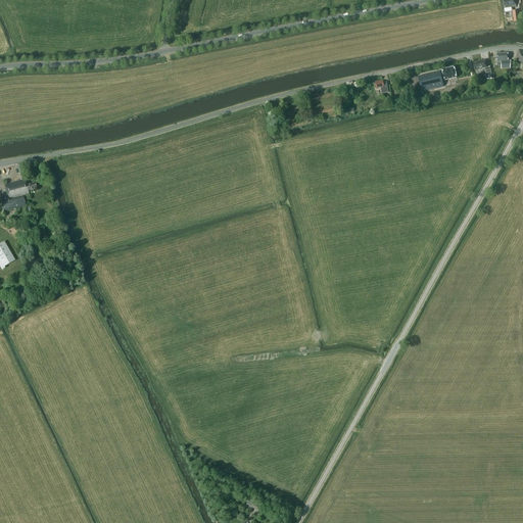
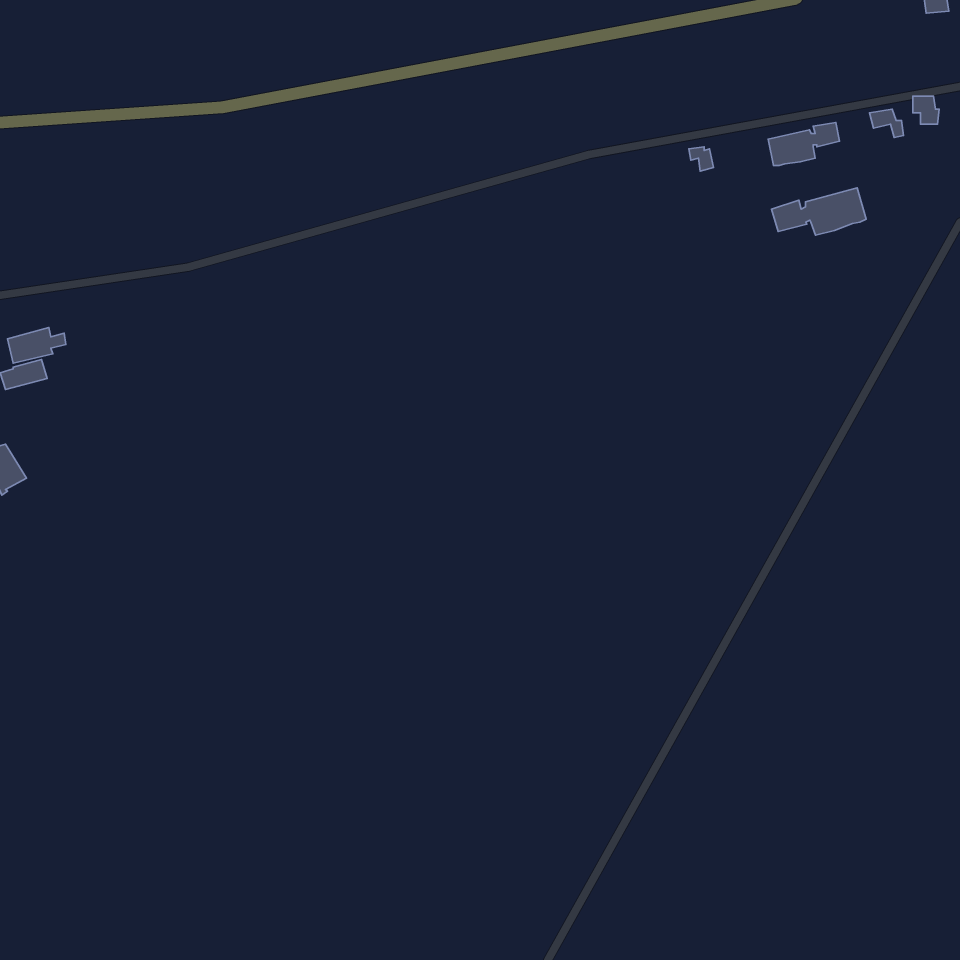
building: none -> [772,188,866,235]

